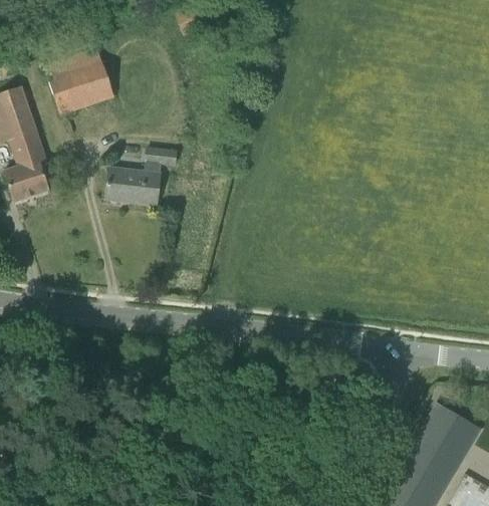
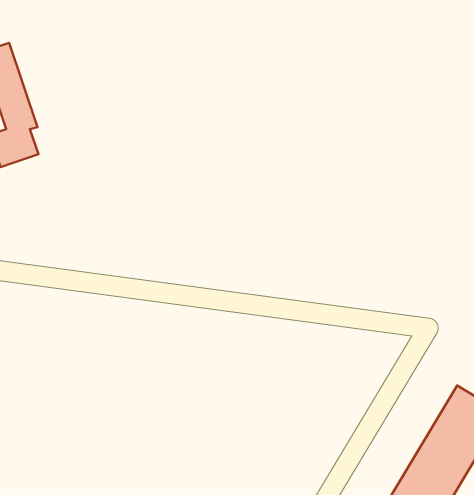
building: [48,58,114,113] -> none
building: [106,147,176,205] -> none

